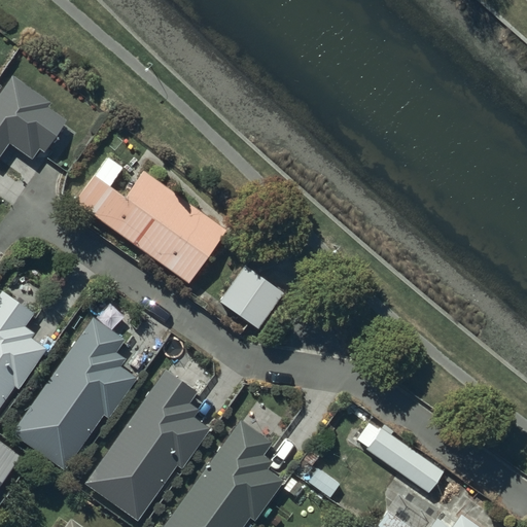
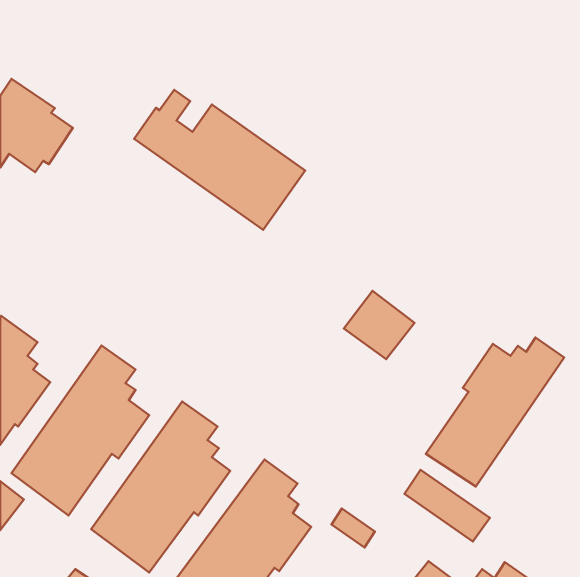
building: [72,157,226,284] -> [134,90,305,230]
building: [218,267,282,328] -> [344,291,415,359]
building: none -> [426,338,564,486]

